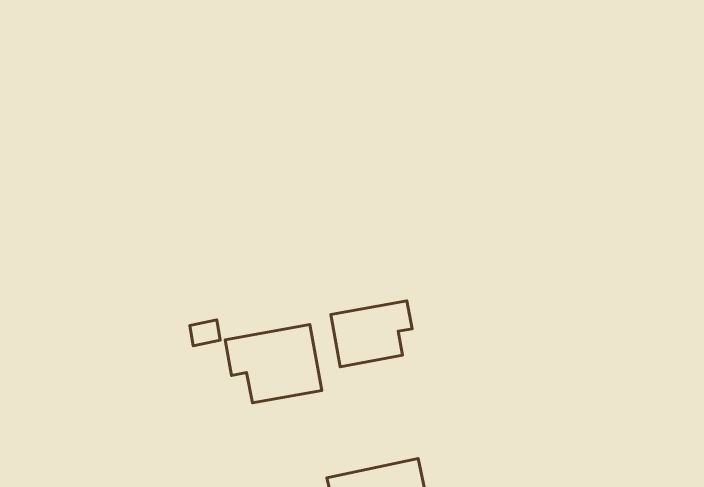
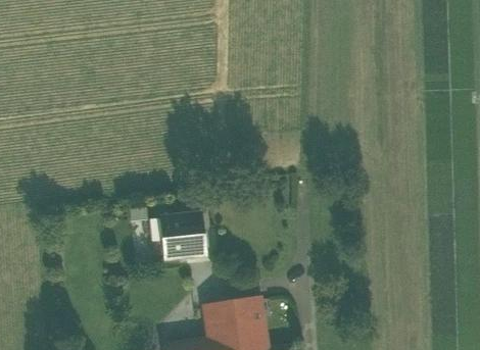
building: [331,301,412,367] -> none

